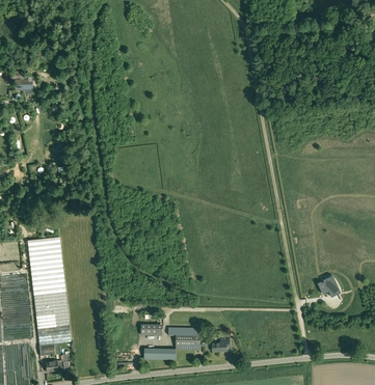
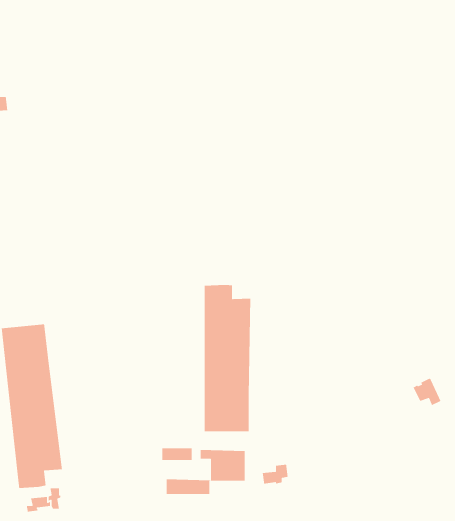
building: none -> [204,284,251,432]

